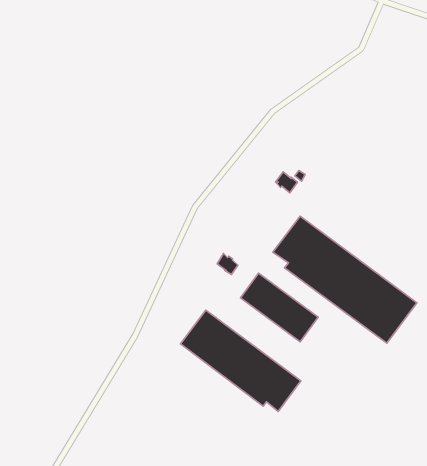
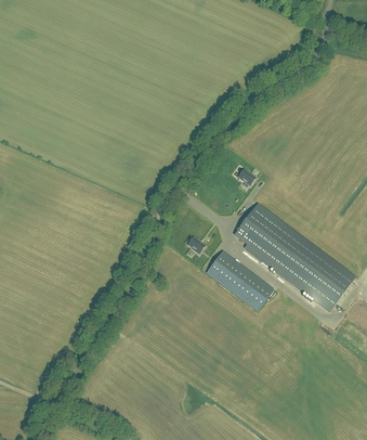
building: [181,310,301,412] -> none

